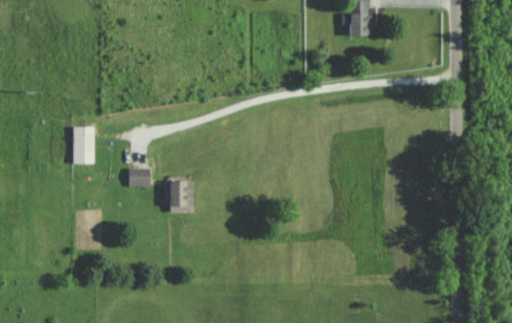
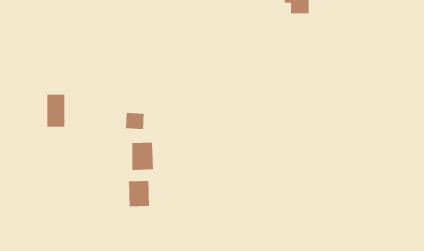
building: [128,168,150,187] -> [125,113,145,129]
building: none -> [128,180,150,207]

